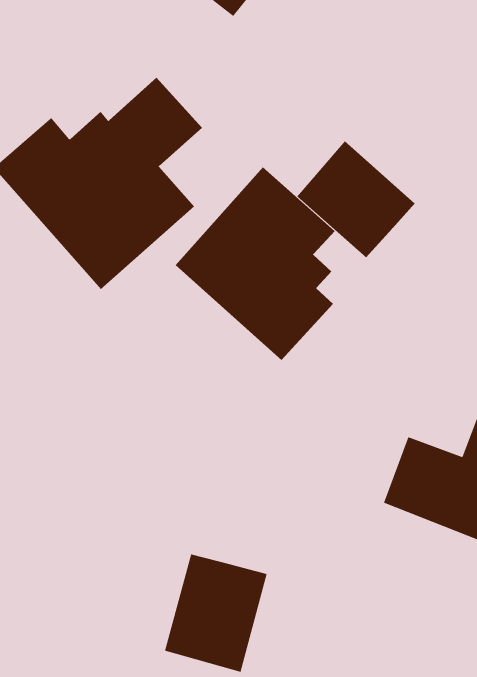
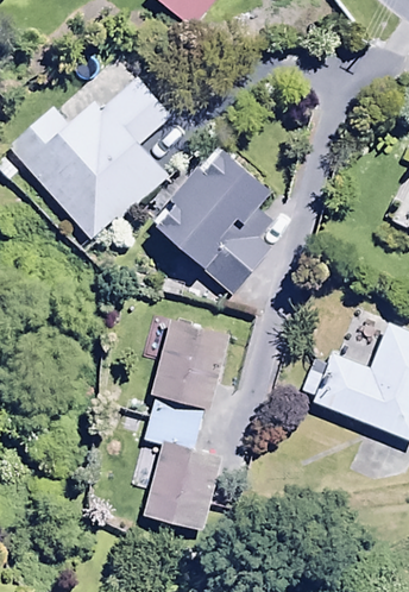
building: [296,141,415,258] -> none
building: none -> [144,320,225,451]

